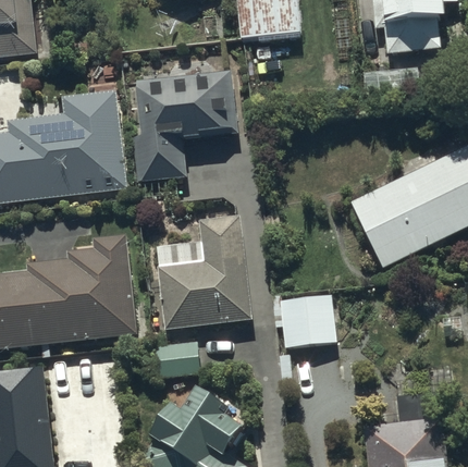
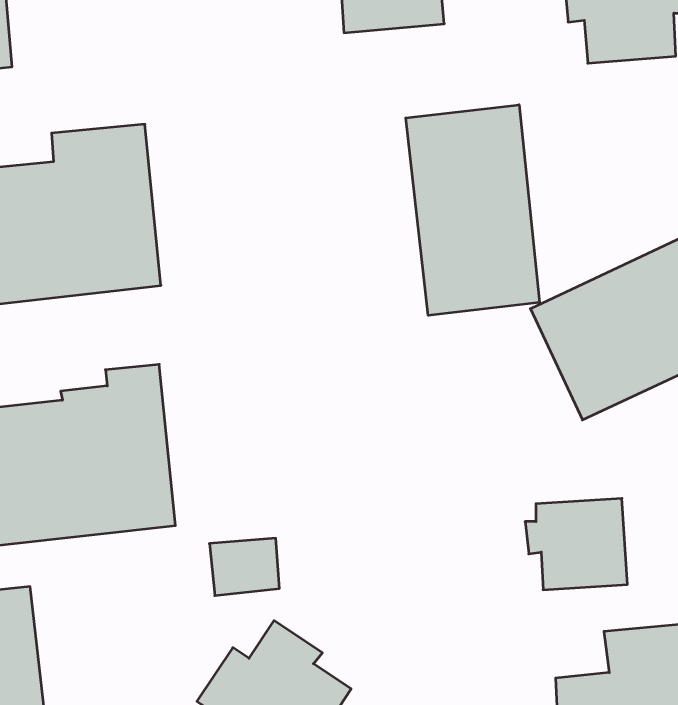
building: [131,69,236,182] -> none
building: none -> [406,105,540,315]
building: [155,214,250,331] -> none
building: [273,291,335,346] -> [525,498,627,590]

